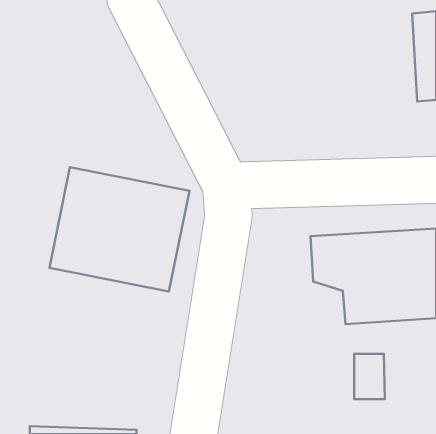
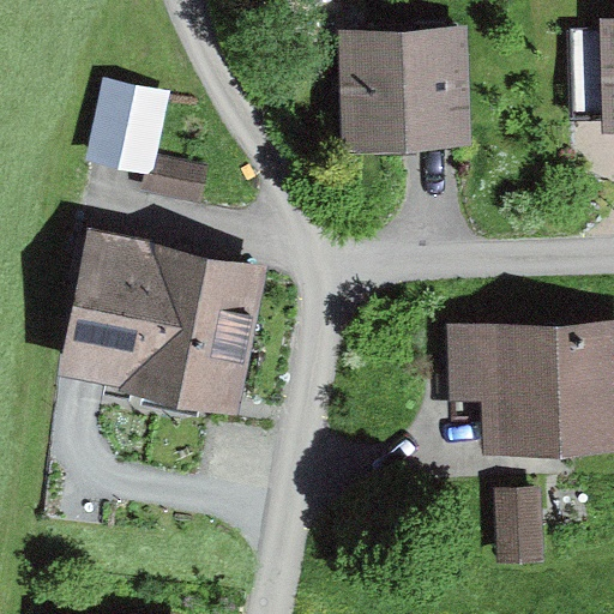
building: none -> [344,34,469,143]
building: none -> [77,72,167,180]

